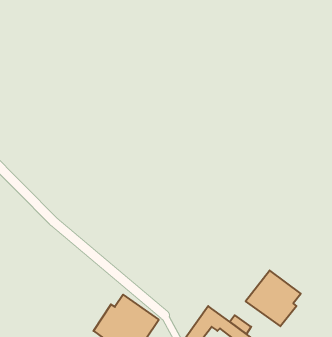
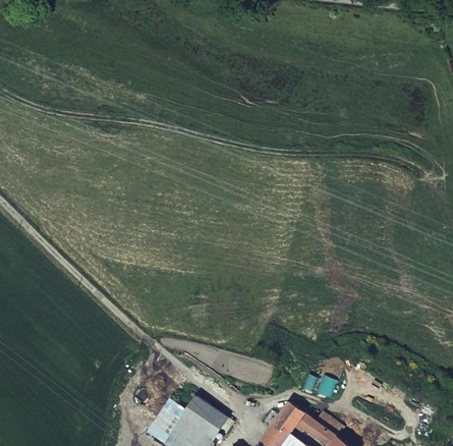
building: [246,270,301,326] -> none

